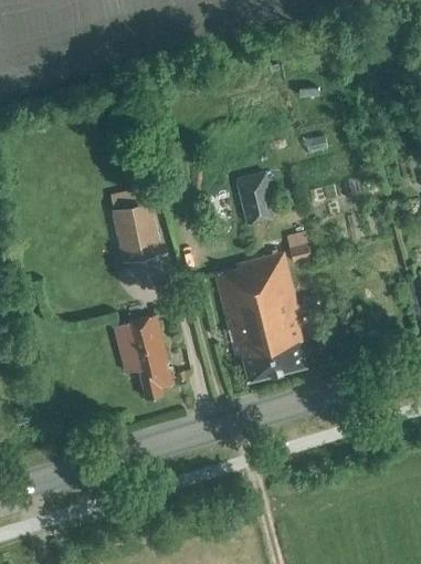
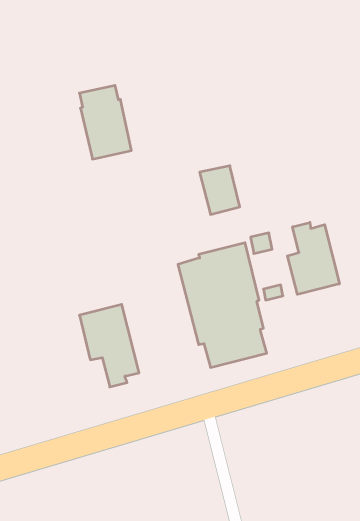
building: [109,187,162,262] -> [79,85,131,159]
building: none -> [287,222,339,294]

